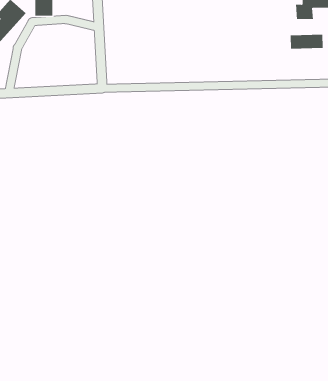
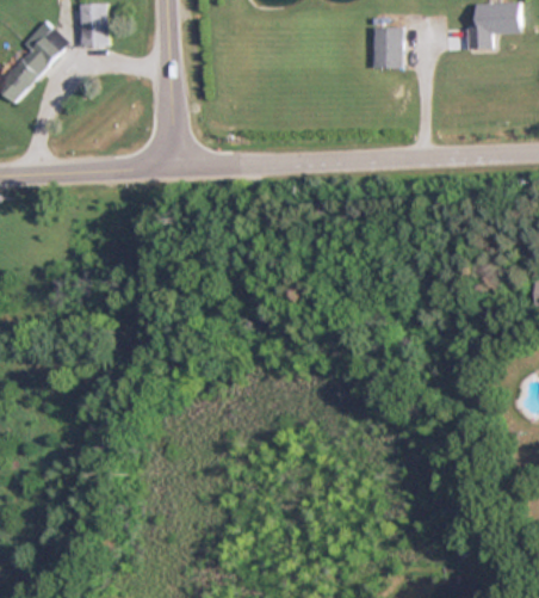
building: none -> [373,27,402,68]
building: [290,34,323,49] -> none

